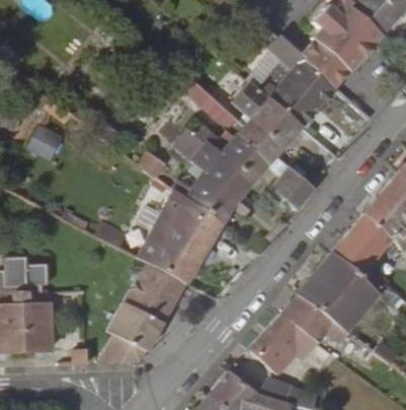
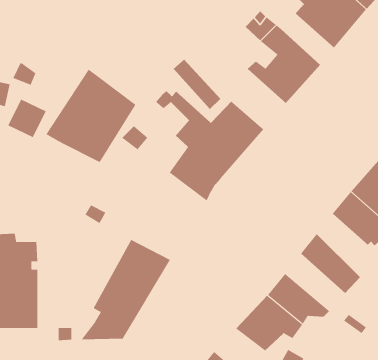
building: [296,39,347,89] -> none
building: [235,86,300,153] -> none
building: [272,166,317,209] -> none
building: [133,189,222,282] -> [46,69,136,163]
building: [330,236,381,299] -> none
building: [299,276,358,333] -> none

